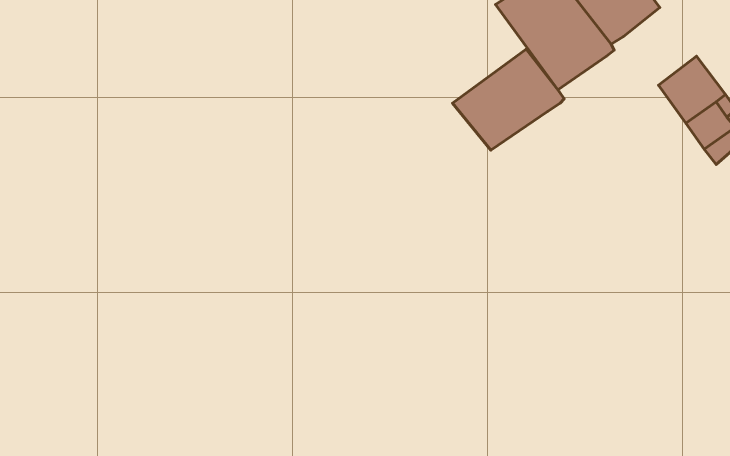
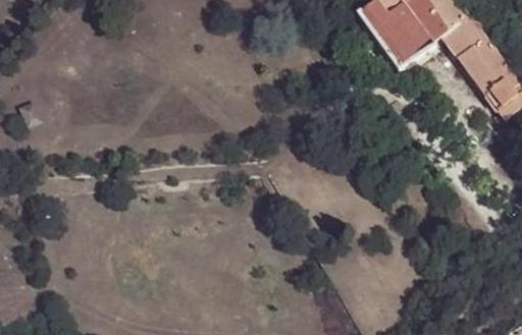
building: none -> [446,15,494,67]
building: [452,49,564,150] -> none

